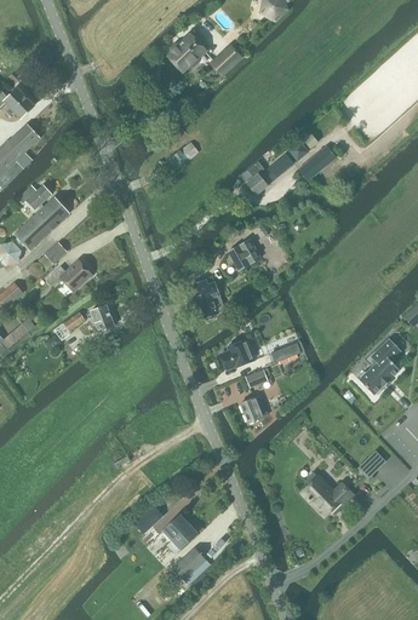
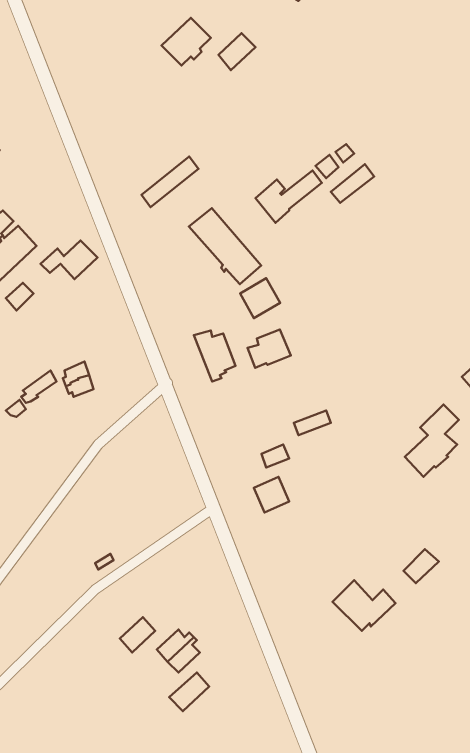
building: none -> [189,208,261,284]
building: [47,259,92,289] -> [41,241,98,279]
building: [221,338,254,368] -> [248,329,291,368]

